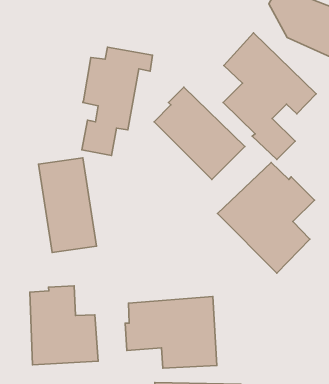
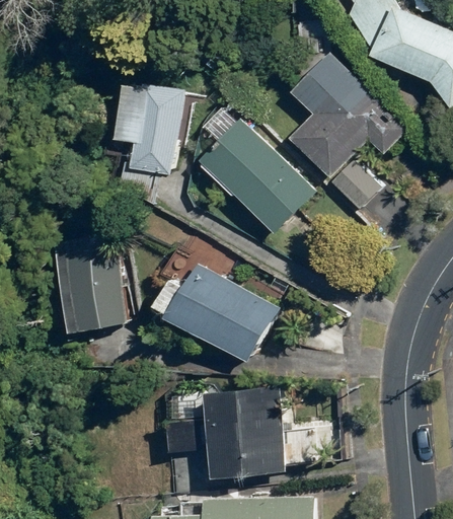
building: [218,163,314,273] -> none
building: none -> [156,262,278,361]
building: [30,286,98,365] -> none

